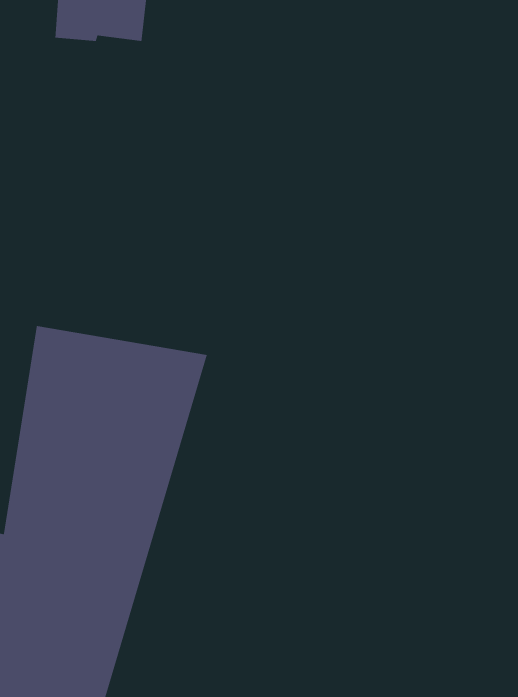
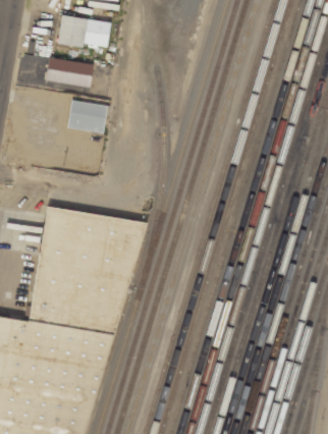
building: none -> [45,57,94,88]
building: none -> [67,101,107,132]

